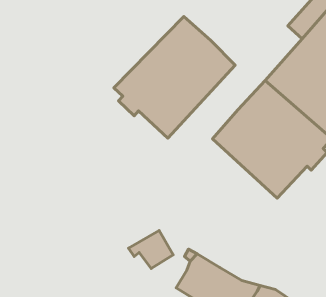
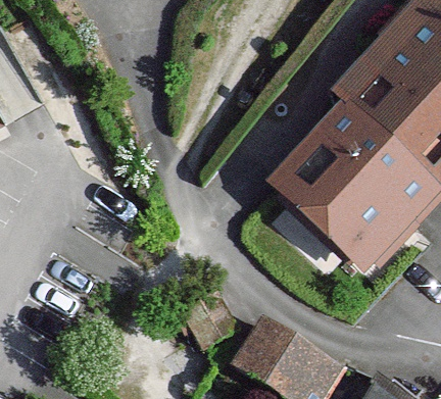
building: [114,16,235,138] -> none

